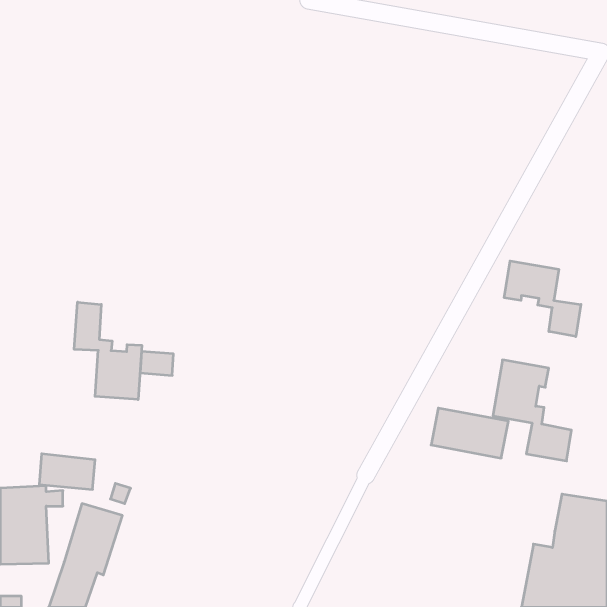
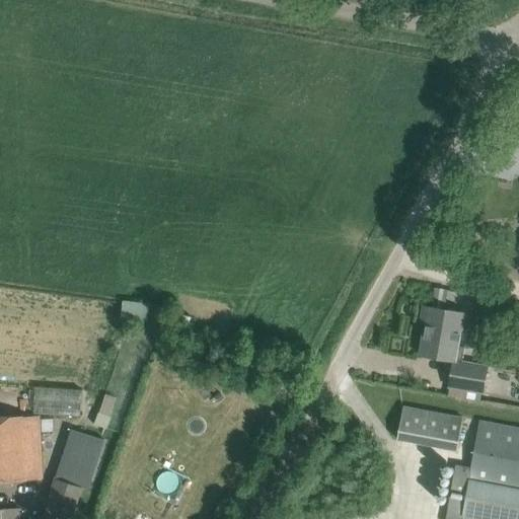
building: [504,261,581,337] -> none
building: [74,302,142,400] -> none
building: [431,408,508,458] -> [397,407,463,450]

